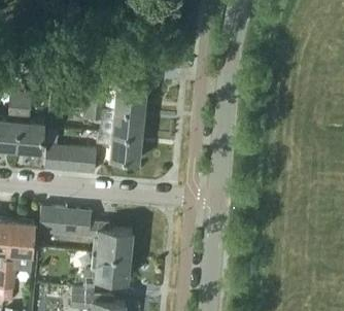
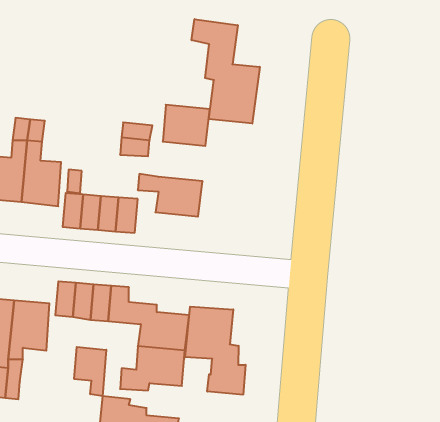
building: none -> [192,19,260,124]
building: [111,110,144,138] -> none
building: none -> [185,307,246,395]
building: none -> [74,347,106,396]

